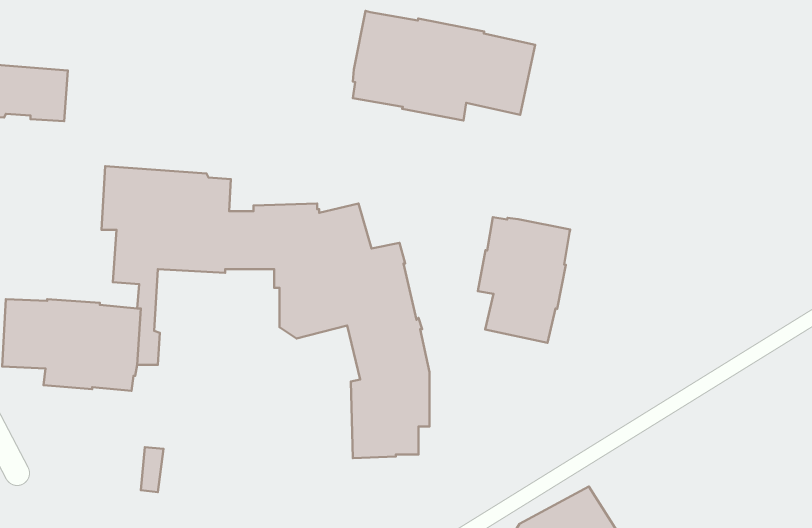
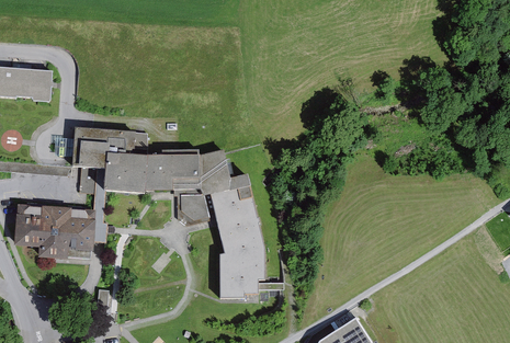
building: [353,11,535,121] -> none
building: [478,217,570,343] -> none

